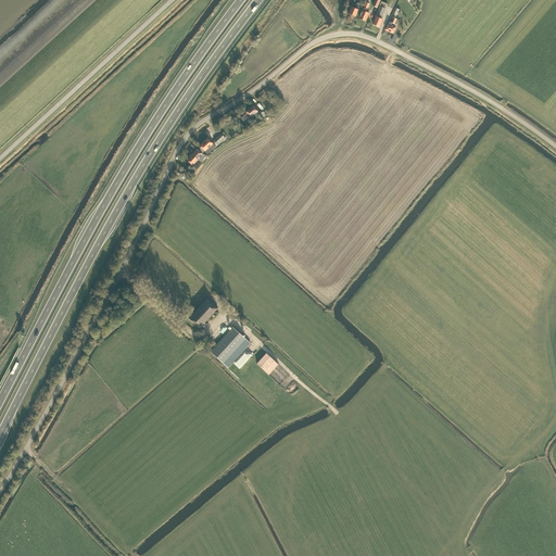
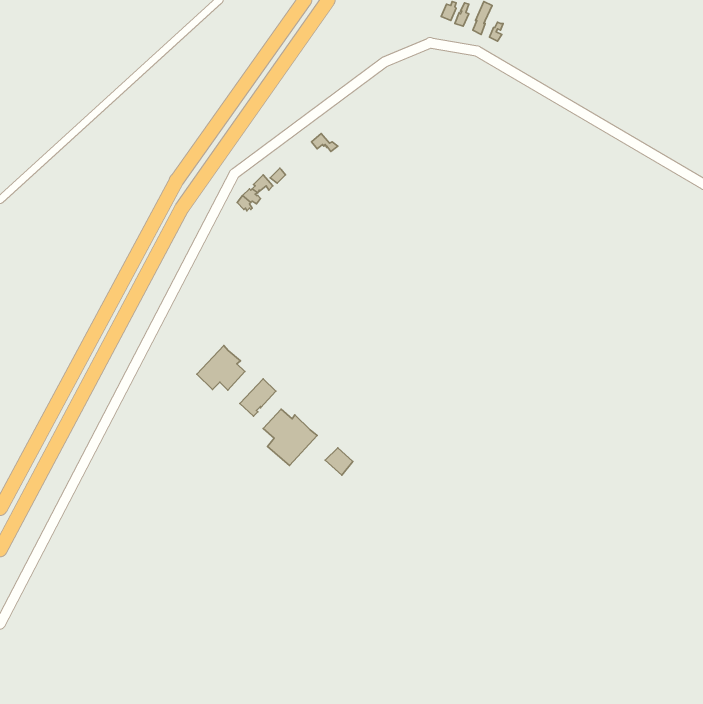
building: none -> [197,346,245,390]

